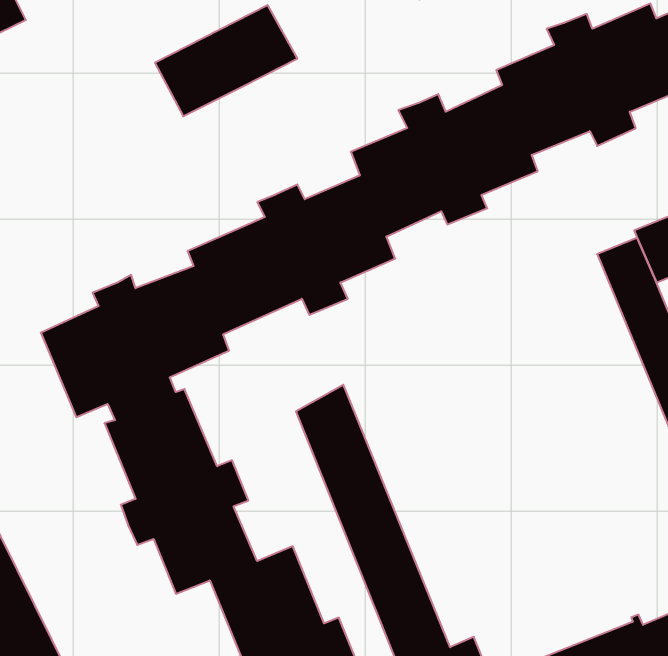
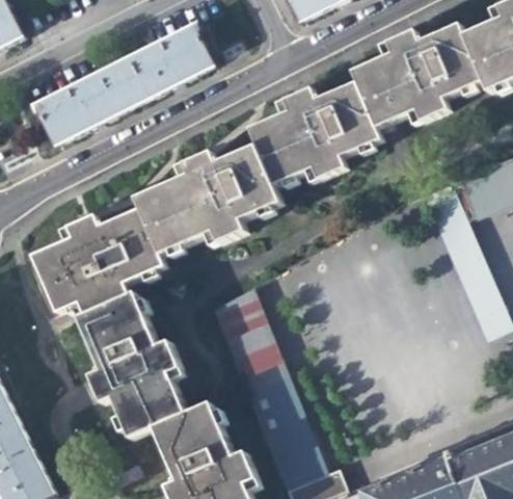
building: none -> [36,64,135,142]

